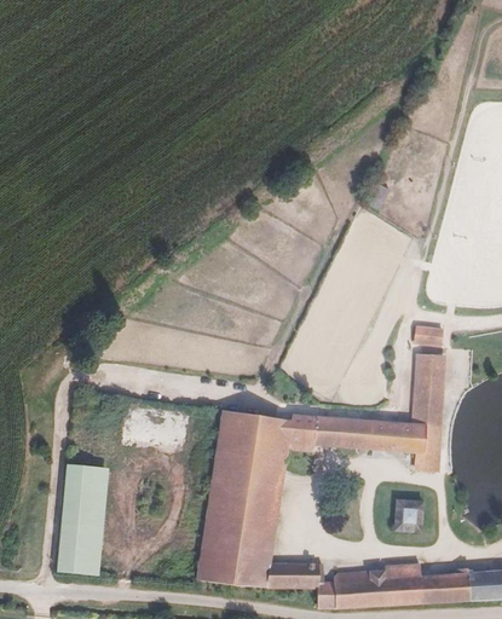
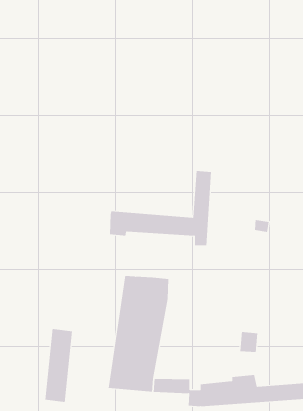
building: [289,352,443,464] -> [109,170,212,246]
building: [58,464,100,574] -> [45,329,73,402]

